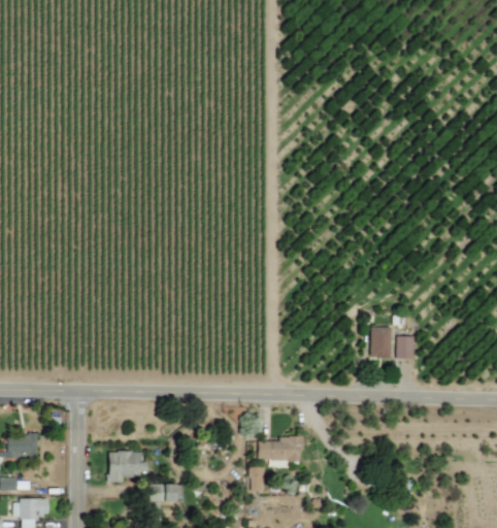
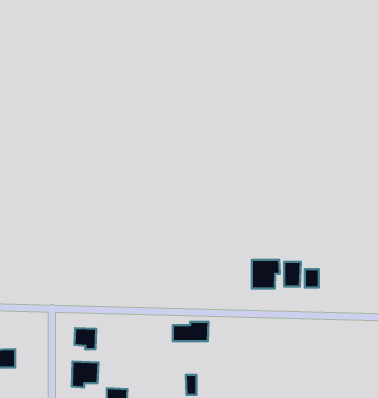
building: none -> [252,260,280,289]
building: none -> [75,328,96,349]
building: [259,436,303,460] -> [173,322,209,341]

